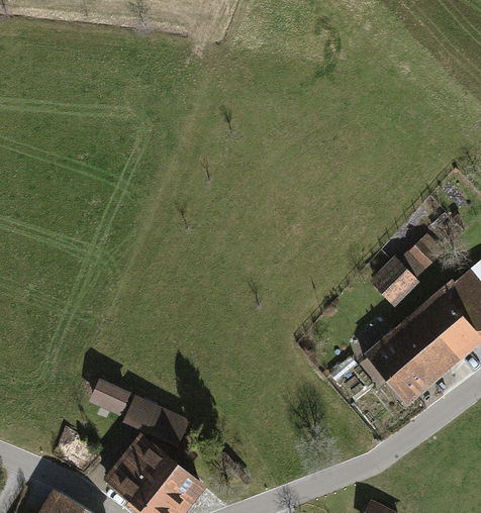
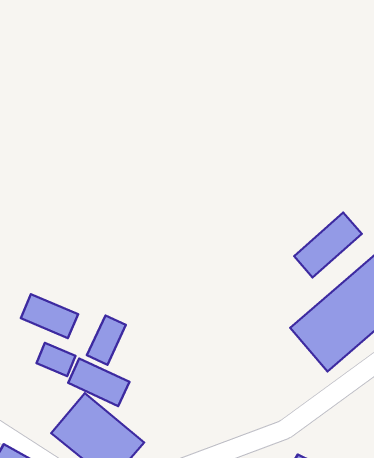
building: none -> [21,294,78,338]
building: none -> [87,315,126,365]

